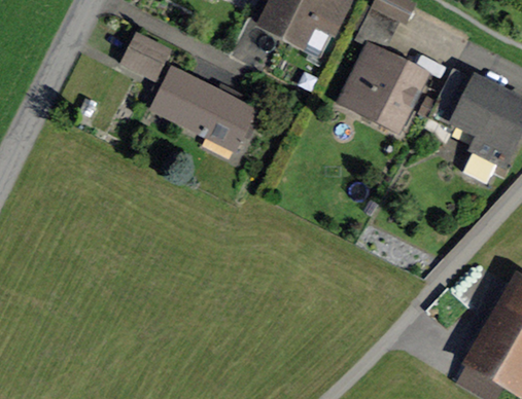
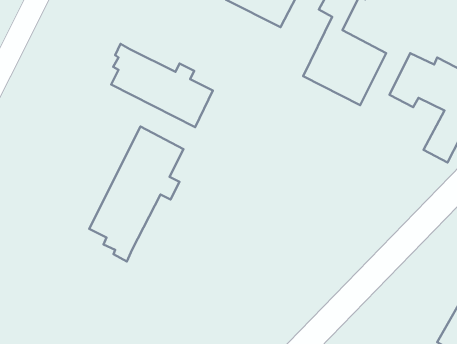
building: [123,36,169,78] -> none
building: none -> [89,127,184,261]

